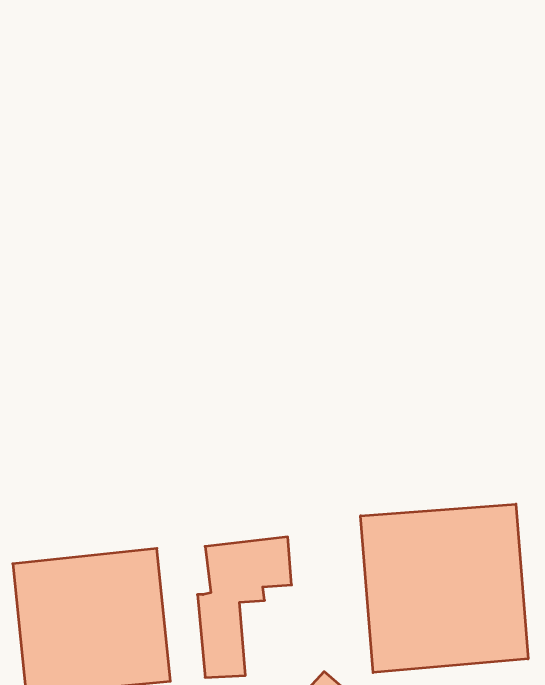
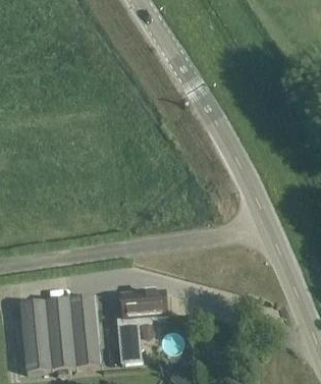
building: [361,504,528,673] -> none

